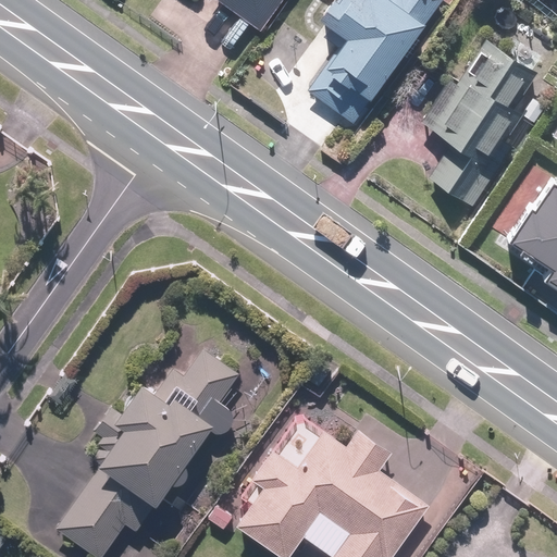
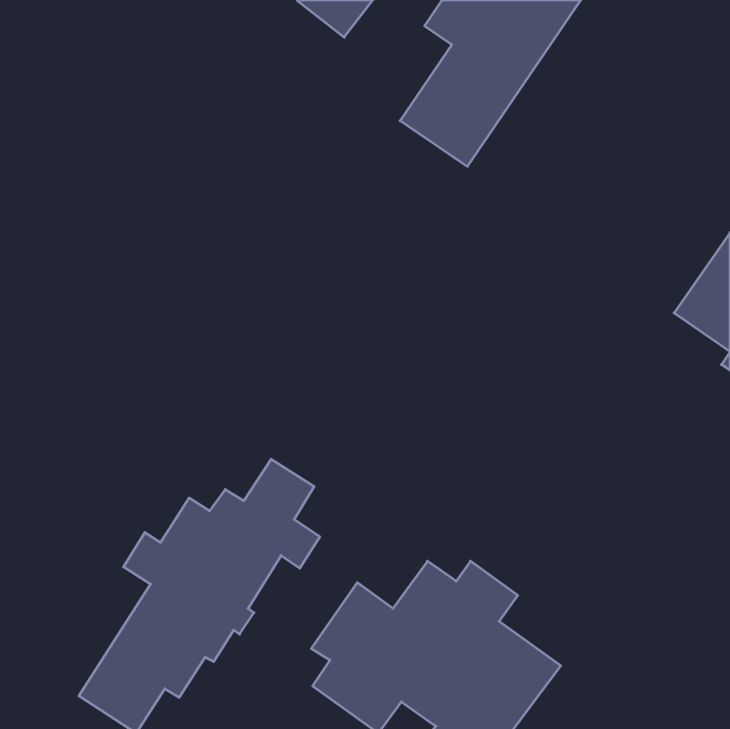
building: [421,38,531,194] -> none

